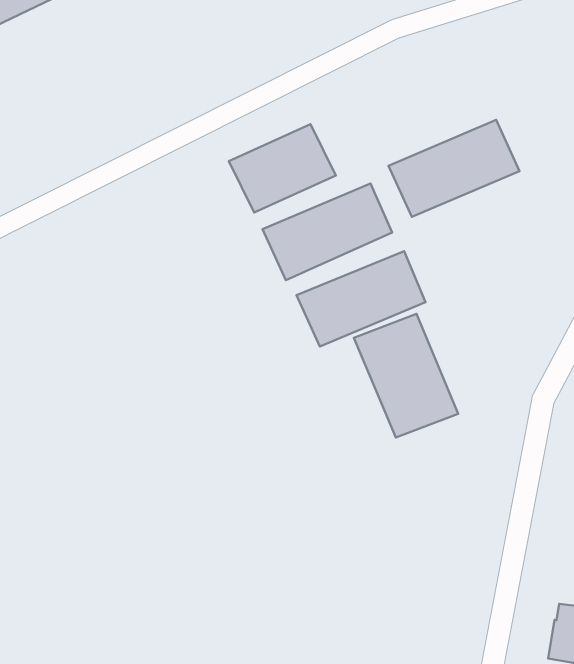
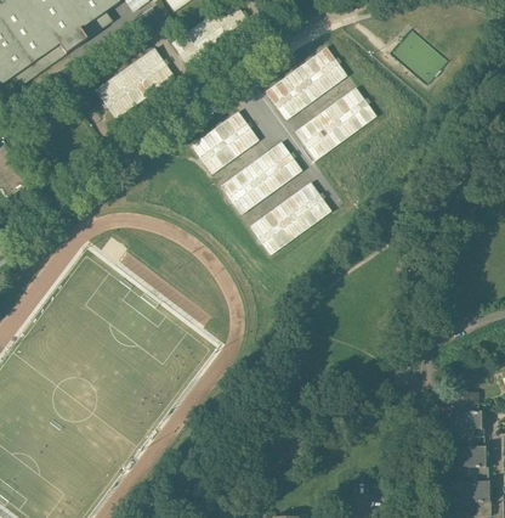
building: none -> [96,47,177,119]
building: none -> [265,47,348,119]
building: [354,314,458,438] -> none

